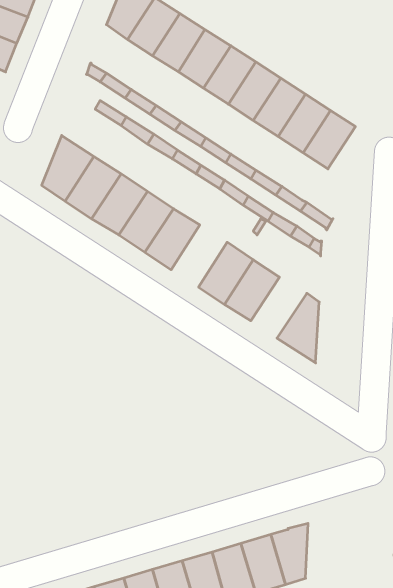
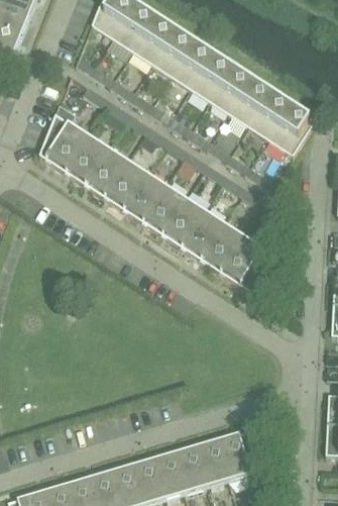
building: none -> [270,105,314,154]
building: none -> [143,185,189,235]
building: none -> [208,227,253,277]

